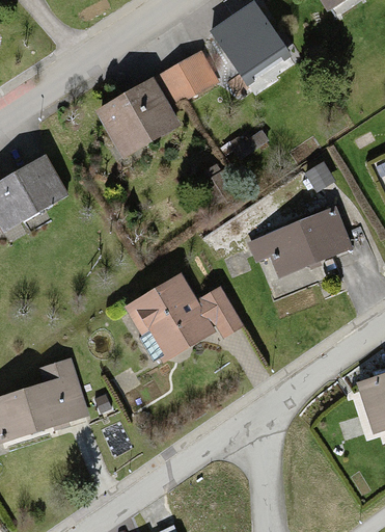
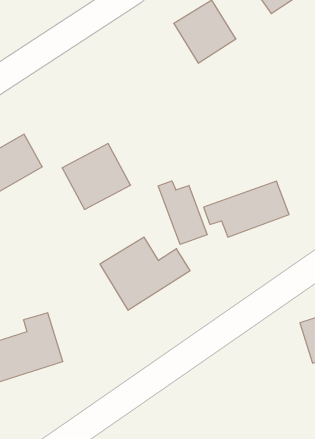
building: [157,46,219,102] -> none
building: [99,81,177,157] -> [62,144,131,209]
building: none -> [158,181,207,244]

